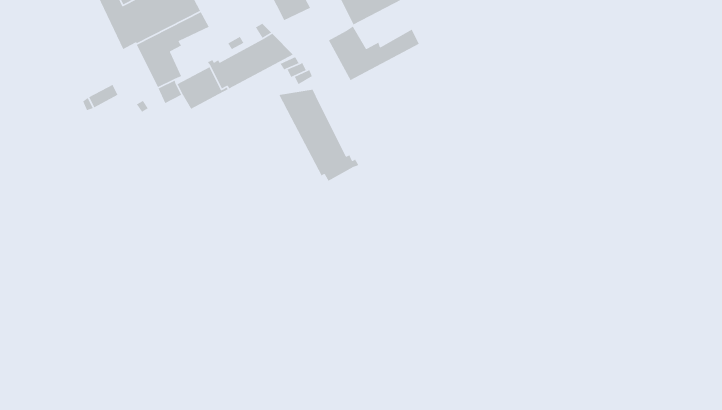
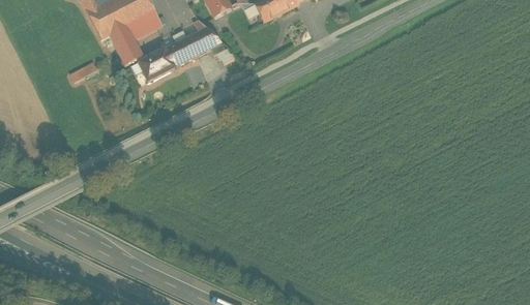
building: [328,26,420,81] -> none
building: [278,89,360,182] -> none

